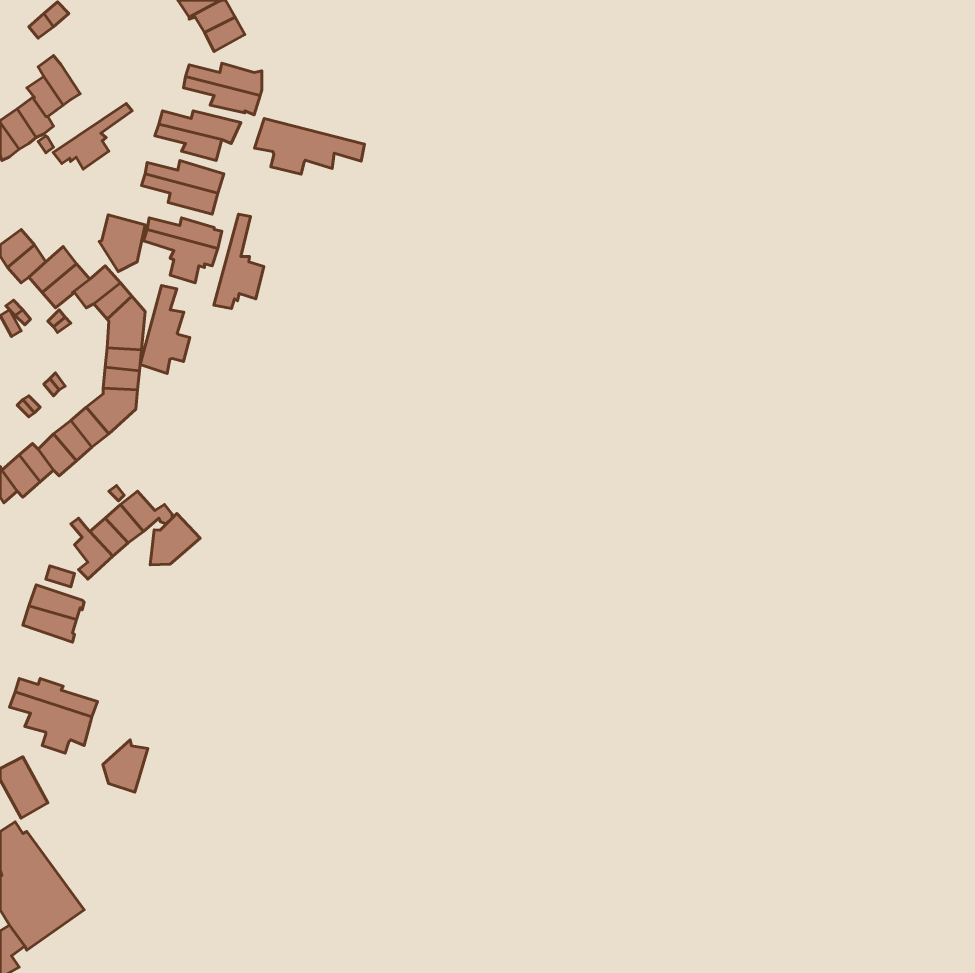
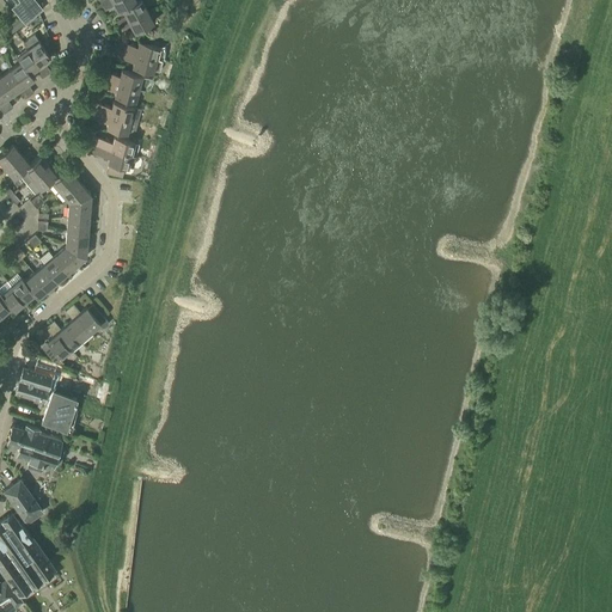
building: [53,104,132,169] -> none
building: [255,119,364,174] -> none
building: [214,214,264,308] -> none
building: [99,215,145,271] -> none
building: [140,285,190,374] -> none
building: [150,513,200,565] -> none
building: none -> [43,392,76,429]
building: [103,740,148,792] -> none

